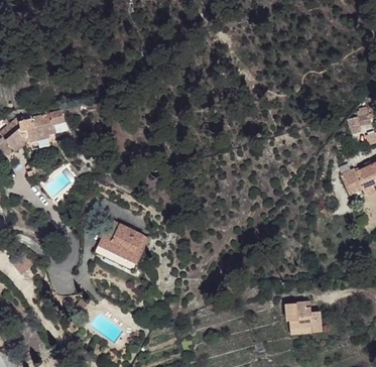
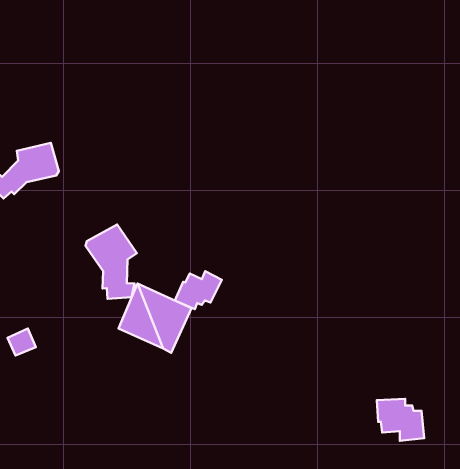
building: none -> [86,224,137,299]
building: none -> [175,271,222,309]

